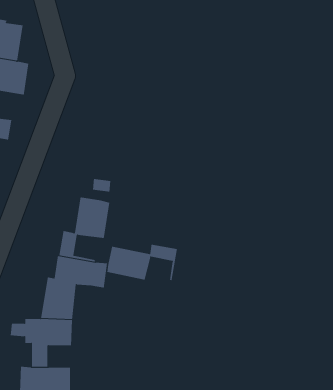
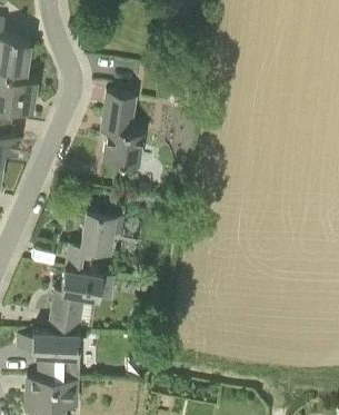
building: none -> [101,92,144,167]
building: [107,244,178,281] -> none

